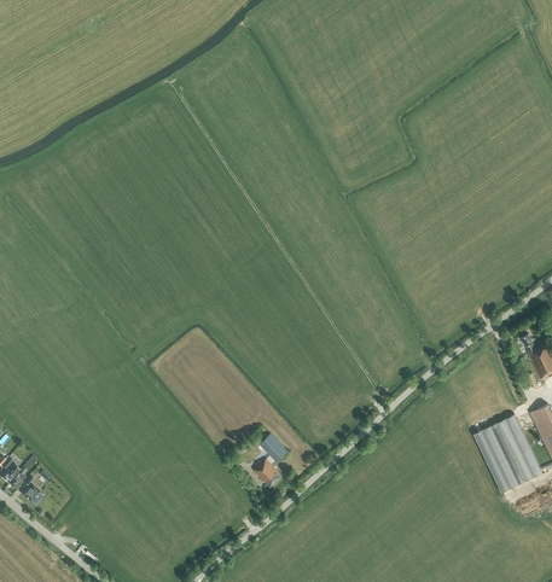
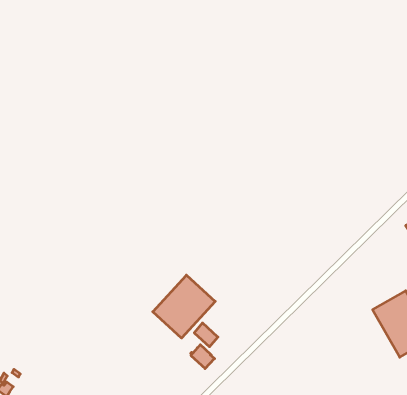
building: none -> [153,275,215,338]

